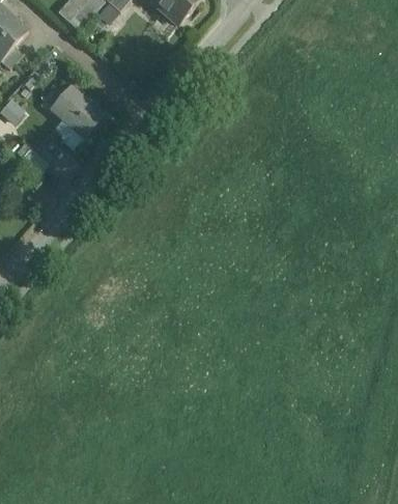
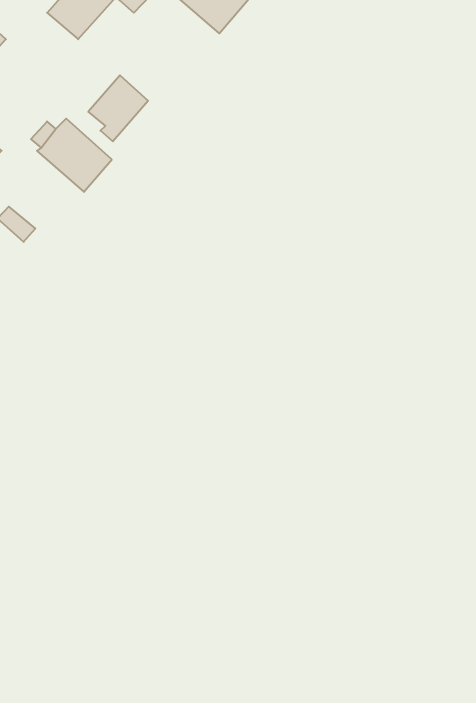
building: none -> [88,75,148,141]

